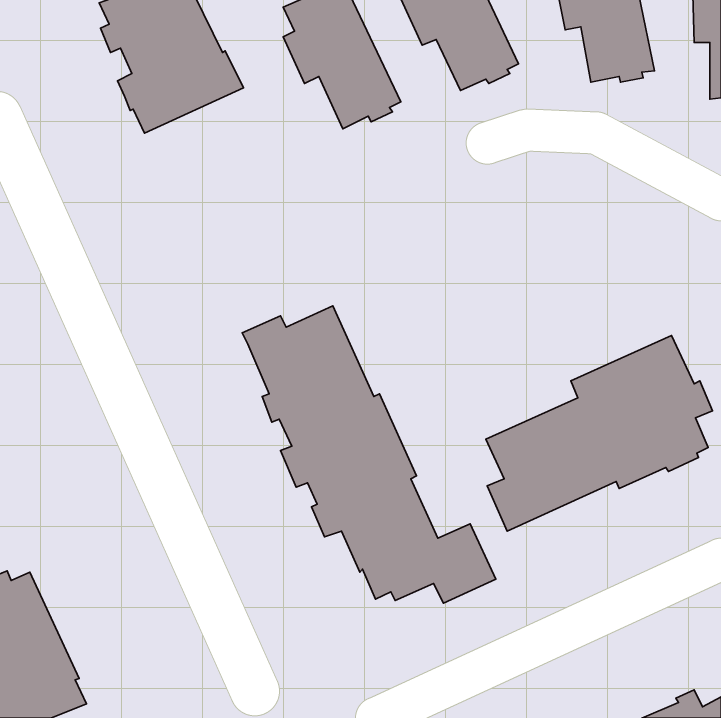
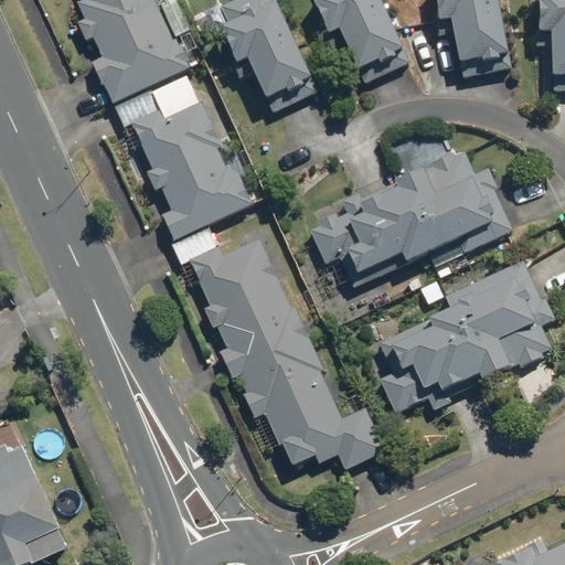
building: none -> [131,103,253,242]
building: none -> [309,151,512,288]

